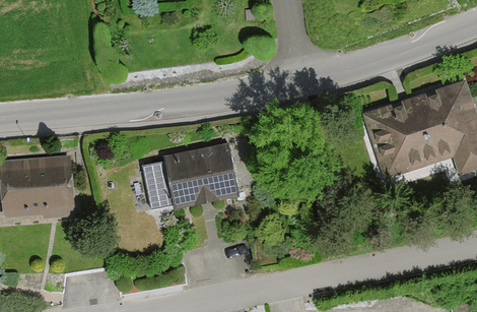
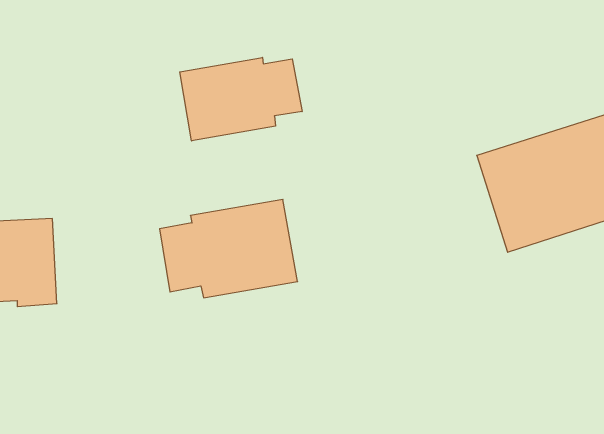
building: none -> [180,57,302,141]

